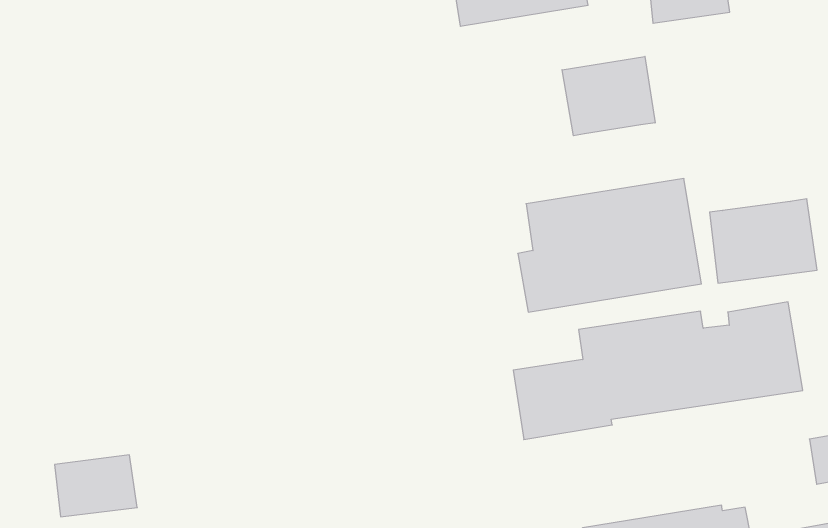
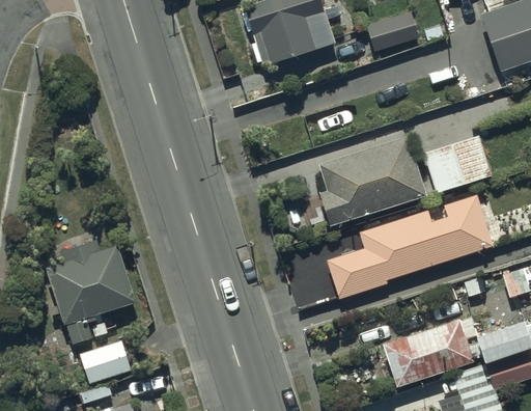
building: [562,56,655,136] -> none
building: none -> [41,243,133,347]

